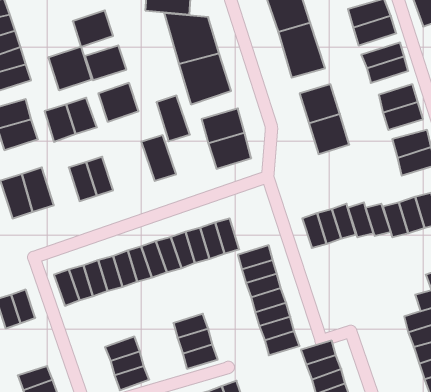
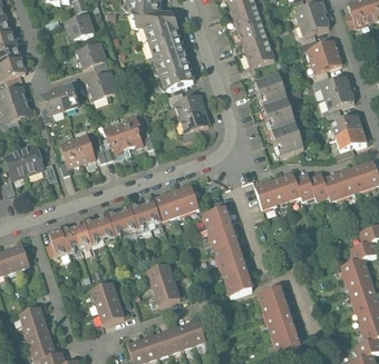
building: [49,46,91,90] -> none
building: [156,96,190,141] -> [104,120,132,158]
building: none -> [268,122,301,156]

